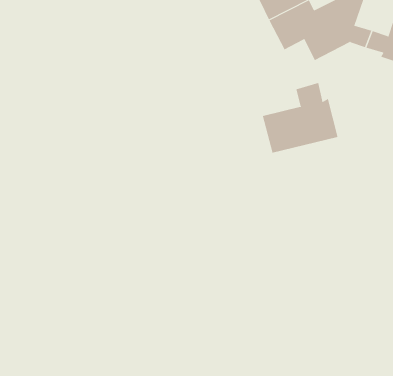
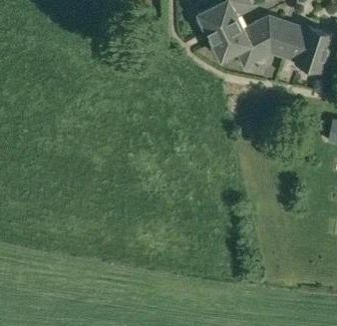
building: [262,82,338,153] -> none

